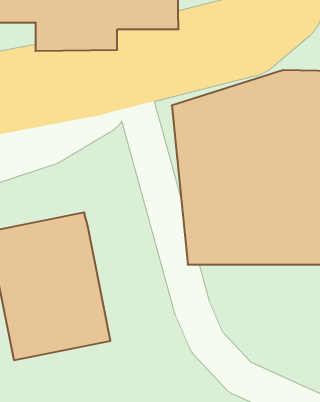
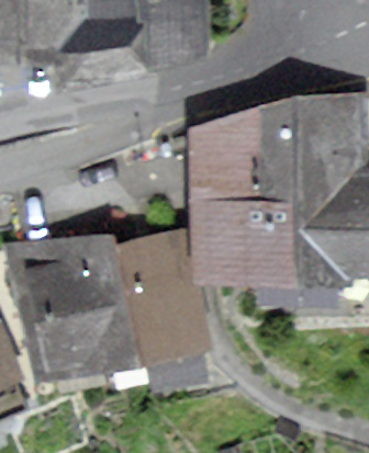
building: none -> [111,231,201,383]

